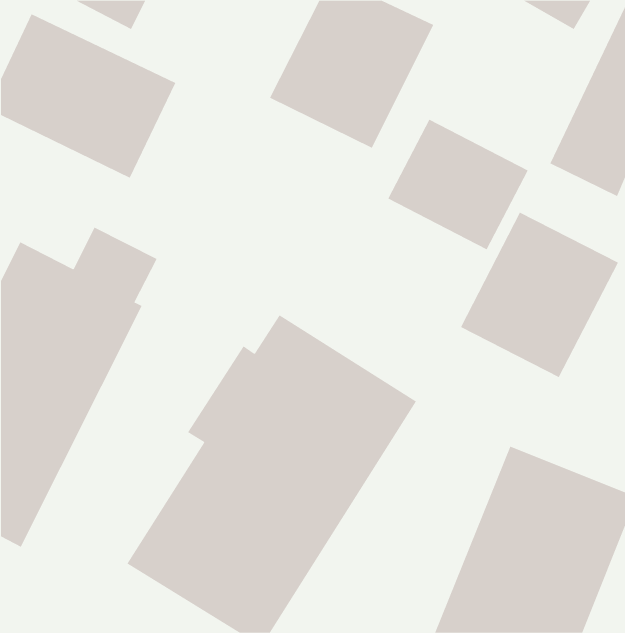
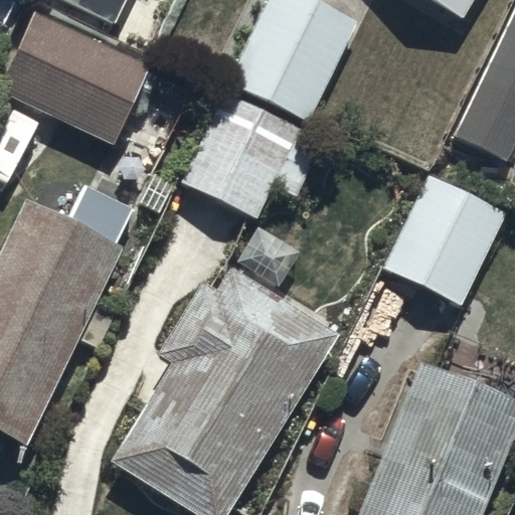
building: none -> [180,92,324,231]
building: [388,119,529,250] -> none

